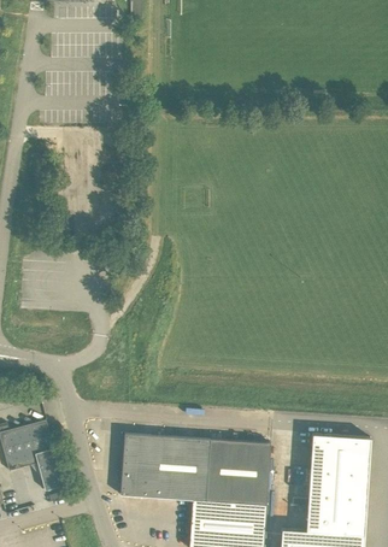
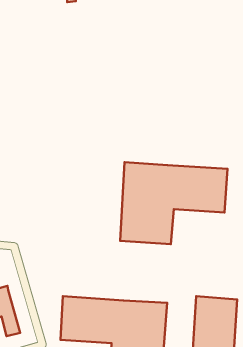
building: none -> [120,162,227,244]

